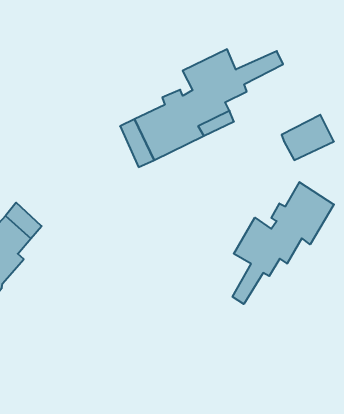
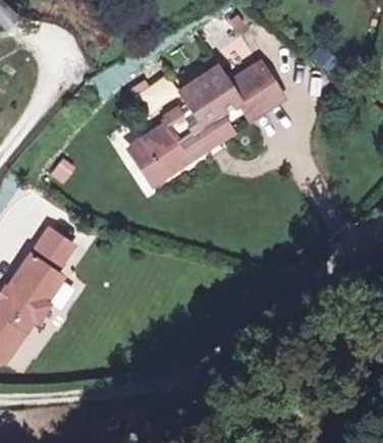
building: [282,115,334,160] -> [239,73,287,117]
building: [233,182,334,304] -> none

